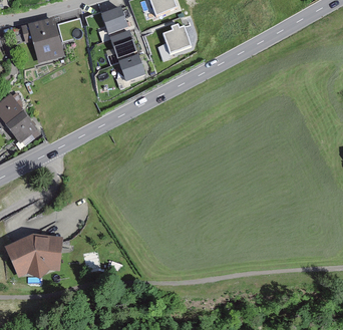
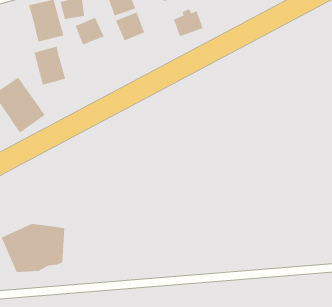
building: [117,58,144,84] -> [75,17,104,45]
building: none -> [34,46,66,85]

